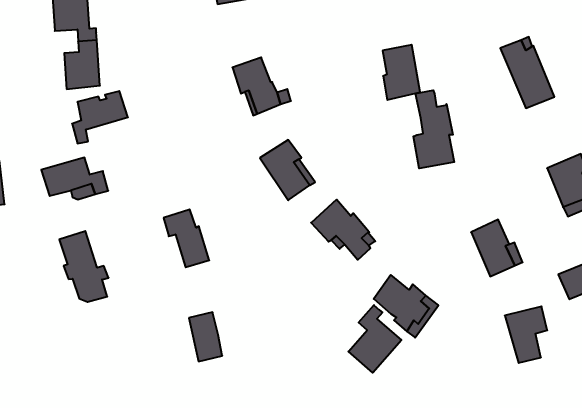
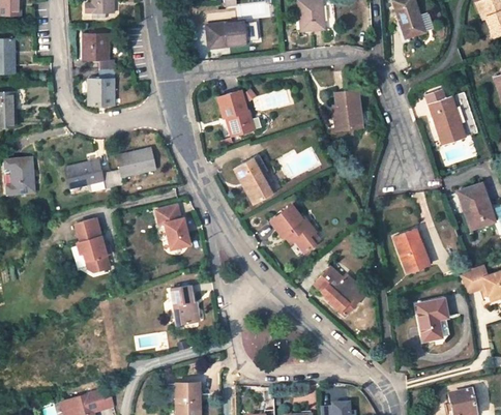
building: [413,90,454,168] -> none
building: [72,91,128,143] -> [112,148,155,186]
building: [348,305,401,373] -> none

